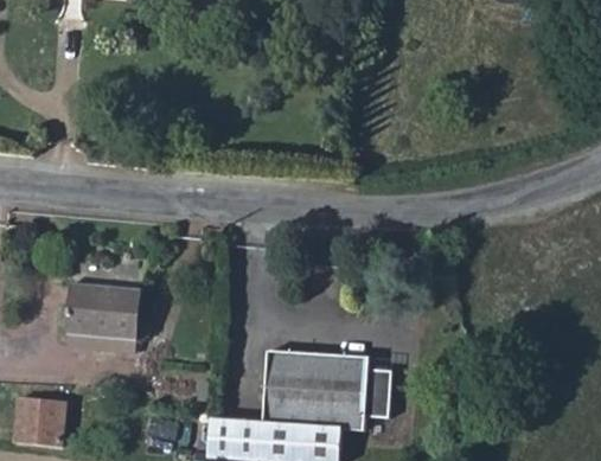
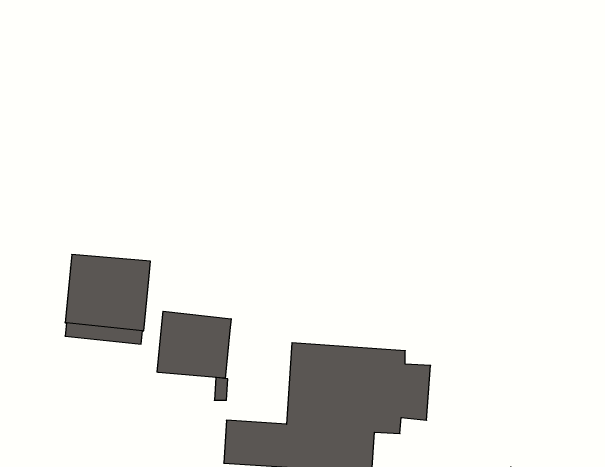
building: none -> [157,311,231,378]
building: [13,397,64,446] -> none

